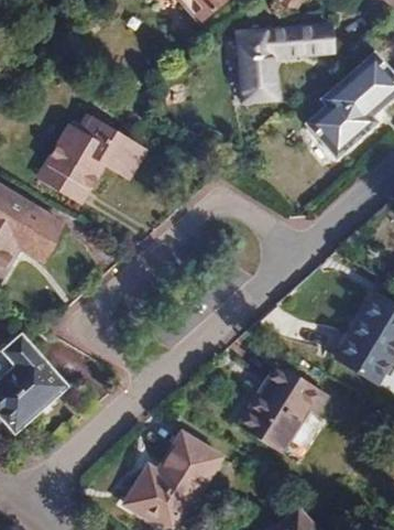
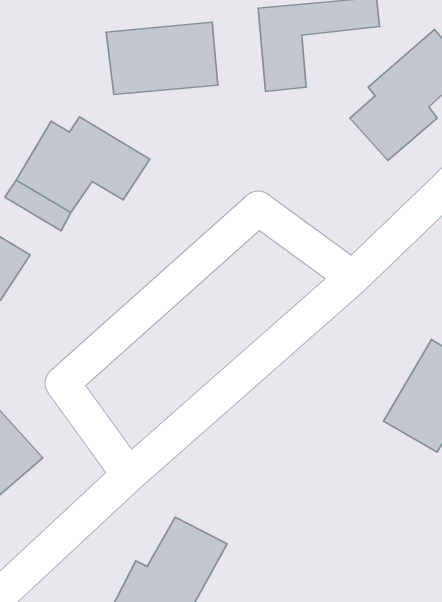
building: none -> [106,22,218,95]
building: [234,361,322,451] -> none

